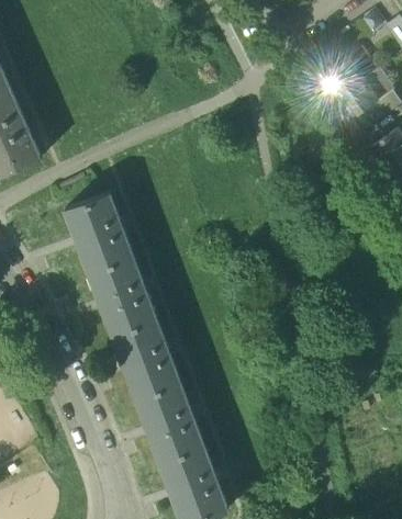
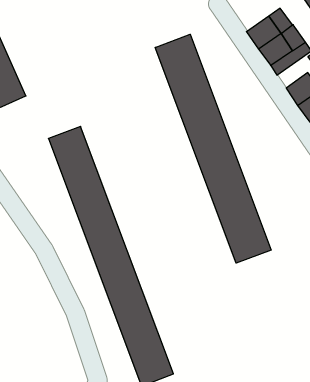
building: none -> [155,34,271,263]

